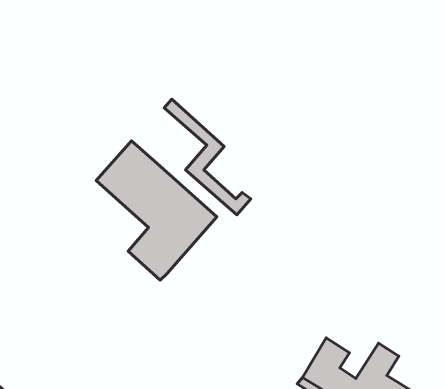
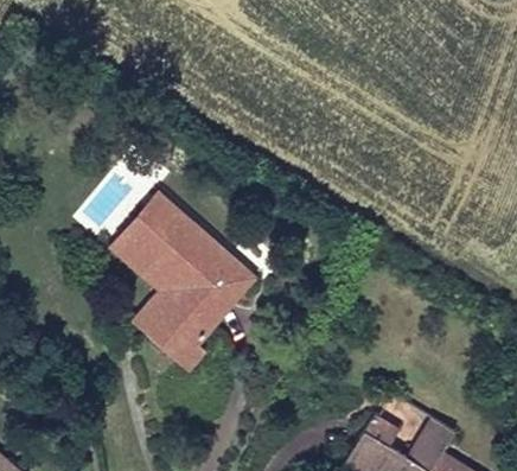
building: [164,99,251,215] -> [111,237,208,365]

